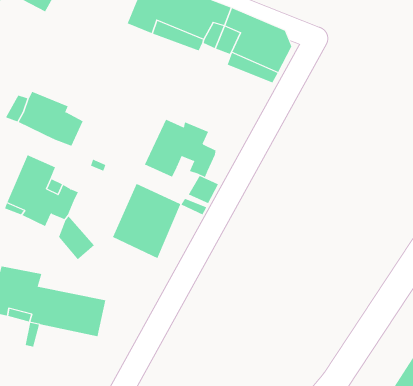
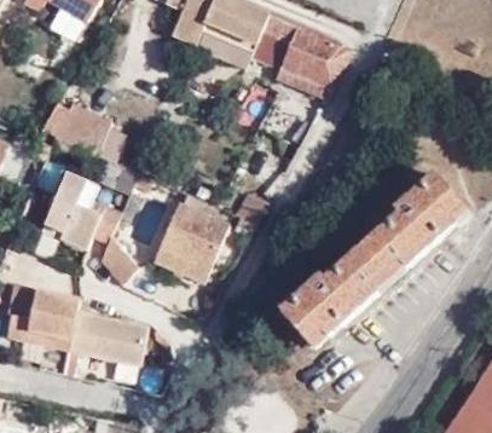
building: [144,119,216,178] -> none
building: none -> [278,172,464,343]

